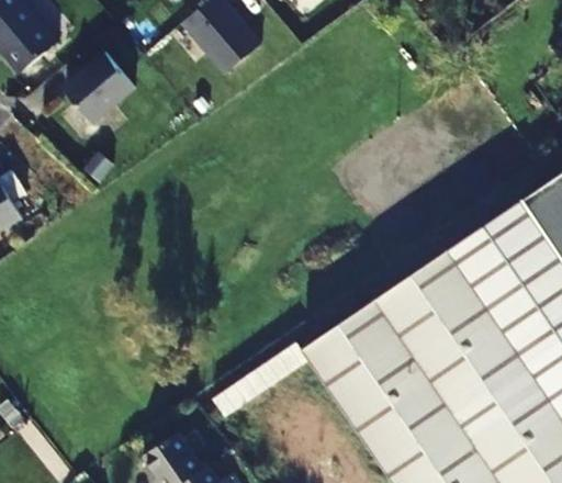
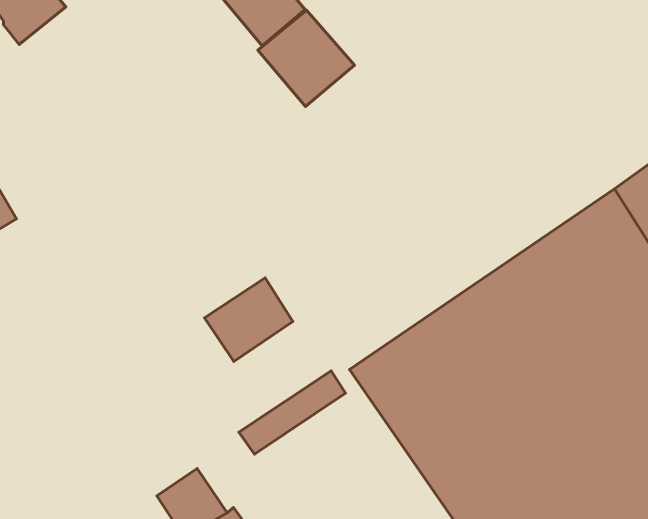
building: none -> [258,10,354,107]
building: [69,50,139,122] -> none
building: none -> [205,278,293,362]

